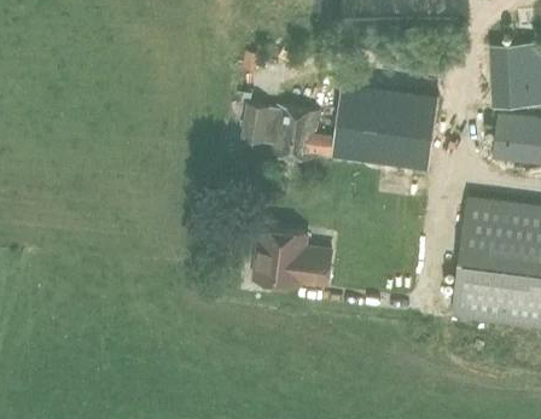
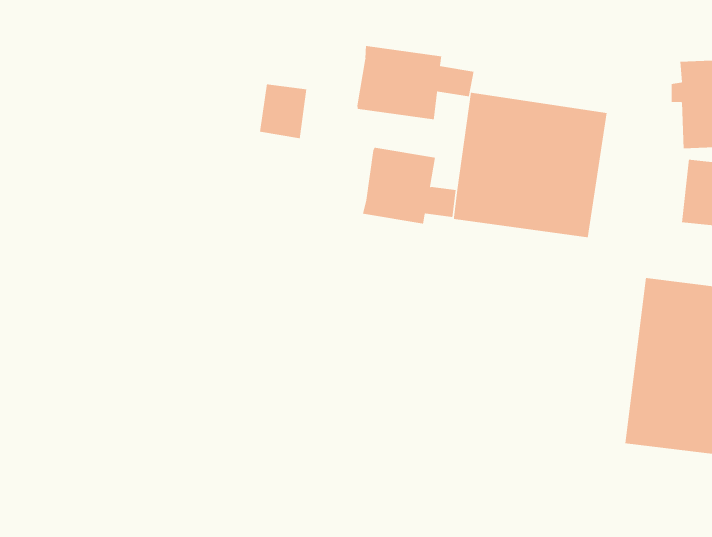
building: none -> [357,45,474,120]
building: [242,105,275,144] -> [259,84,307,139]
building: [255,228,332,286] -> none

